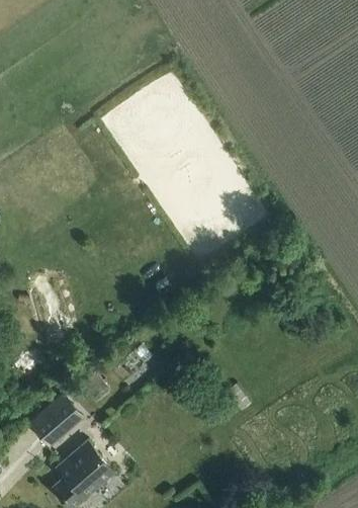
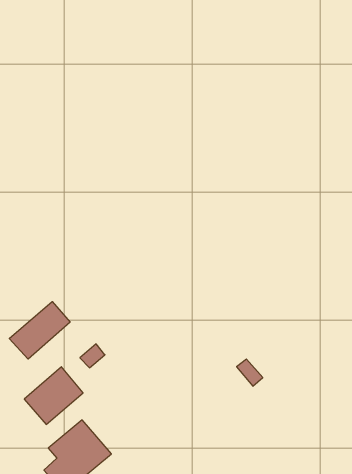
building: none -> [9,302,70,359]

